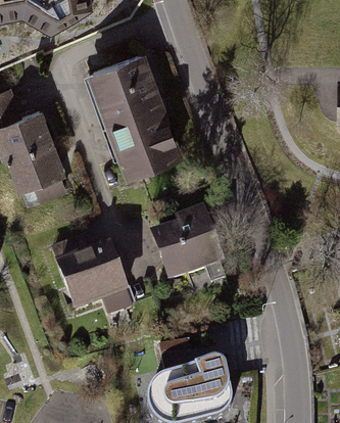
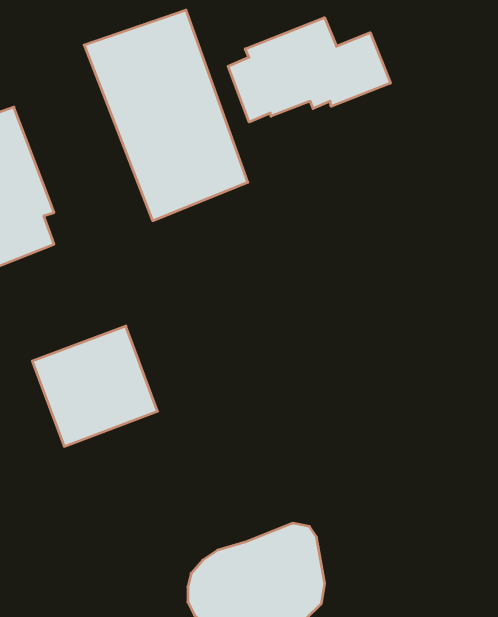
building: none -> [228,18,390,122]
building: [148,202,224,281] -> none

